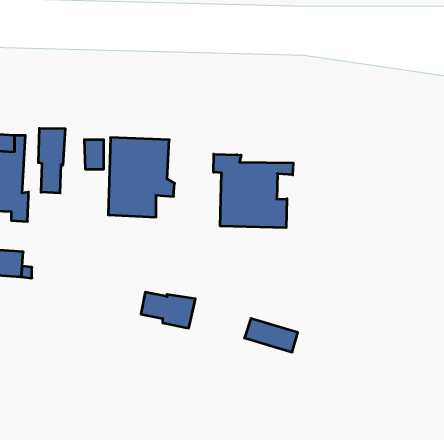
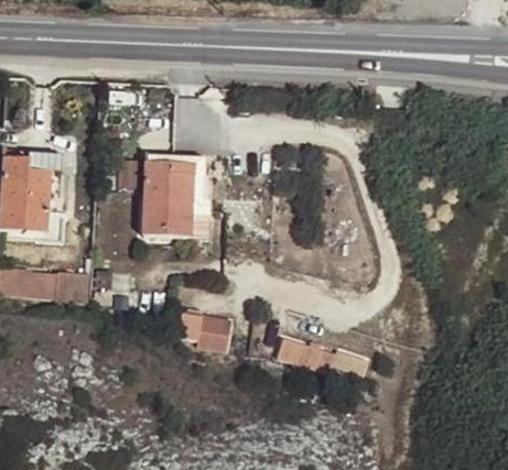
building: [38,128,65,193] -> none
building: [214,154,293,228] -> none

